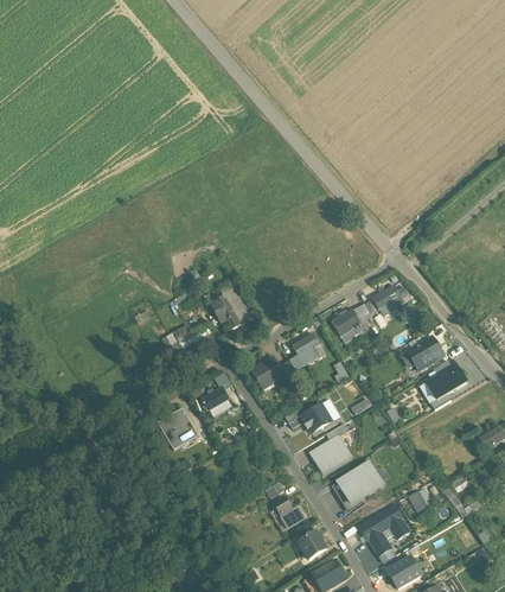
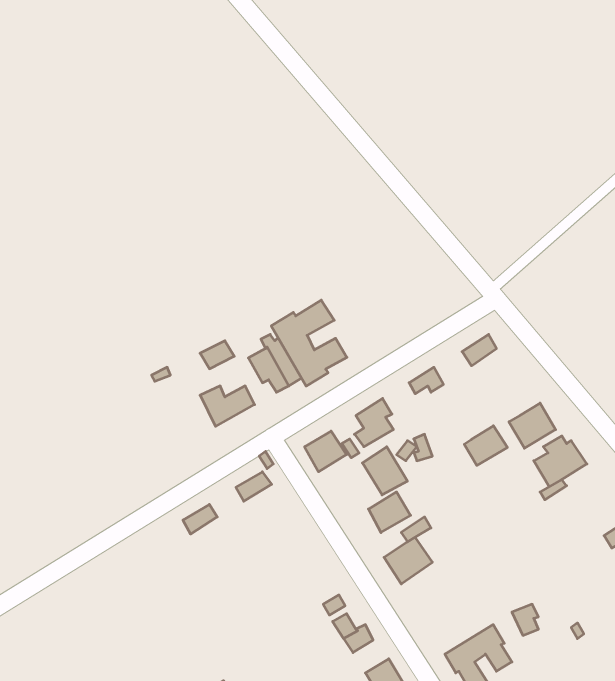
building: none -> [271,300,347,386]
building: none -> [464,426,507,465]
building: none -> [362,447,407,495]
building: [338,464,382,504] -> none

